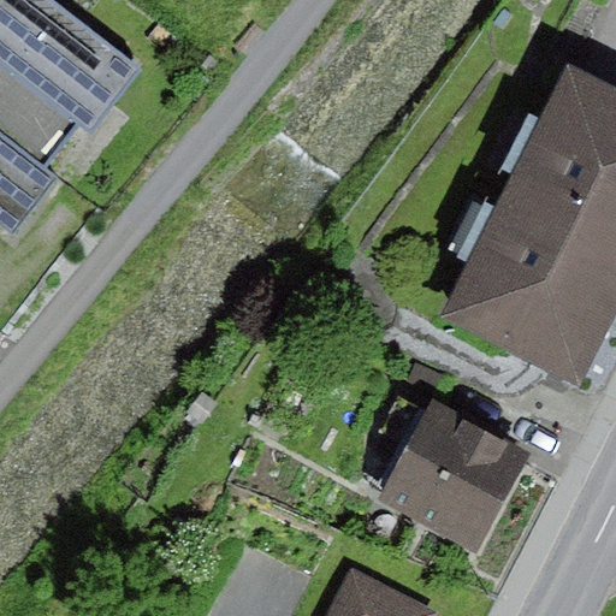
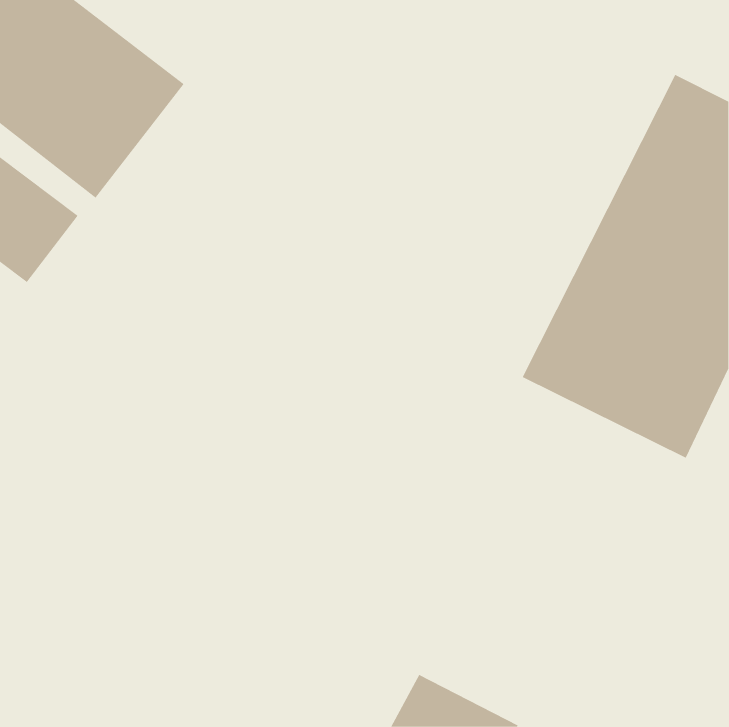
building: [379,395,527,550] -> none

